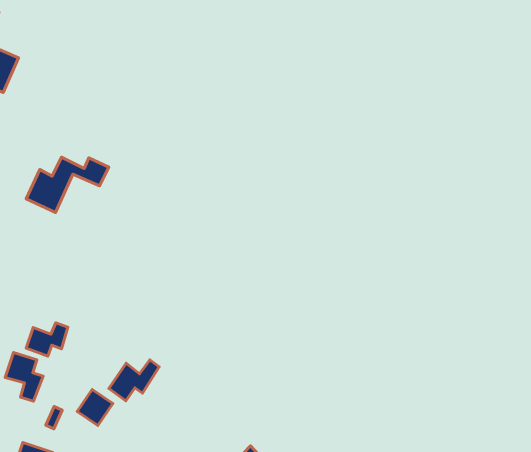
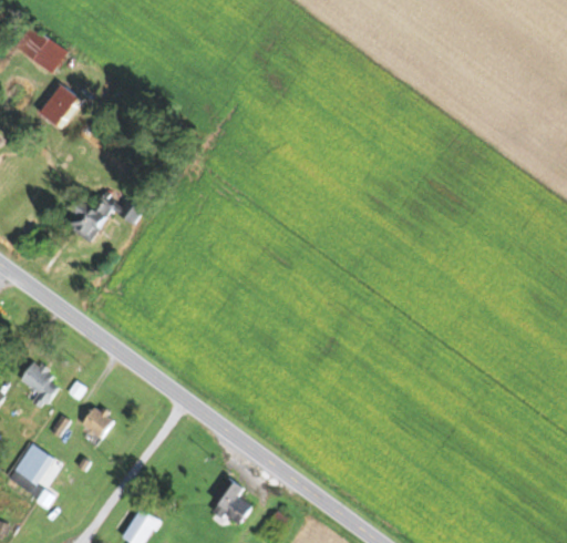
building: [26,323,68,356] -> none
building: [109,360,159,401] -> none

